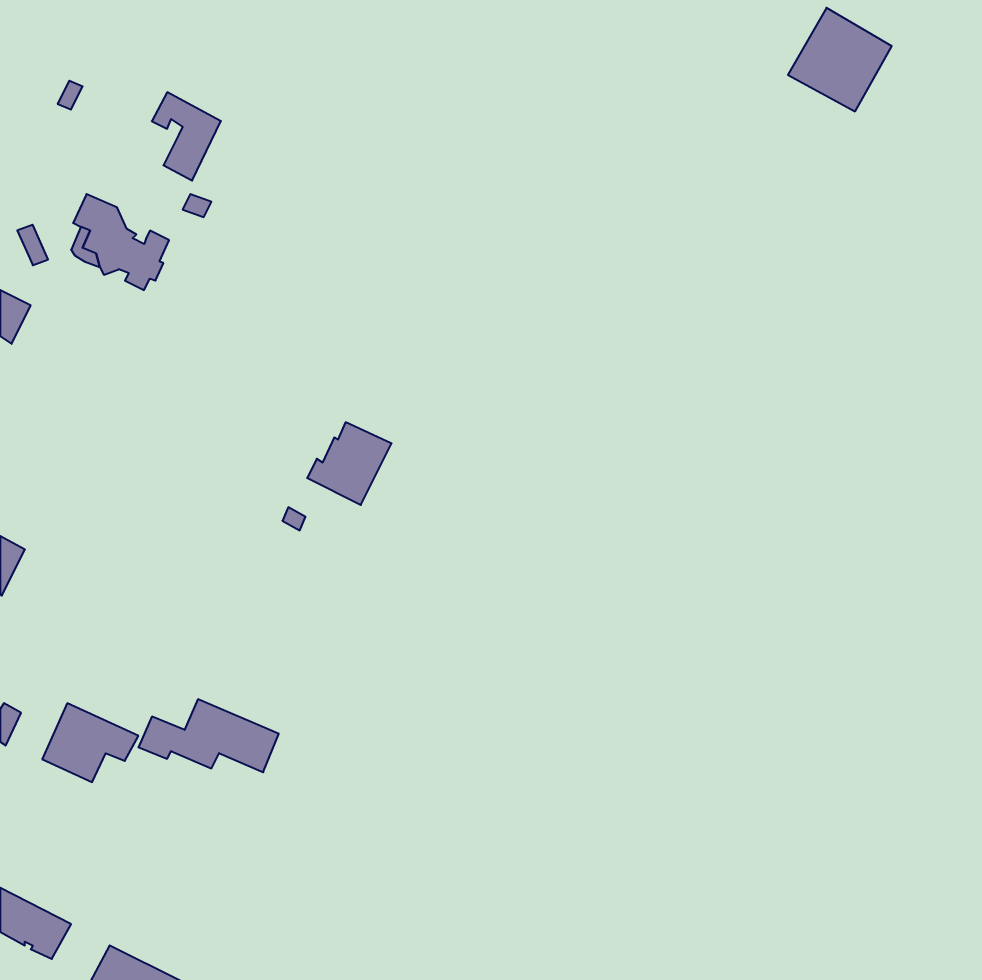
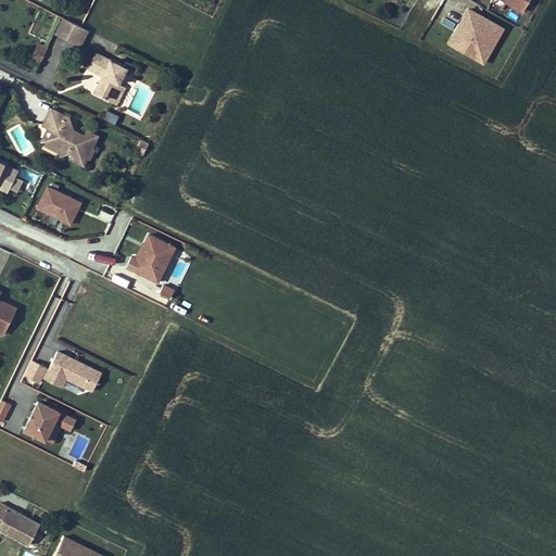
building: none -> [54,18,86,47]
building: none -> [38,189,81,227]
building: [307,422,392,505] -> [126,238,174,285]
building: [138,699,279,772] -> [24,350,103,391]

